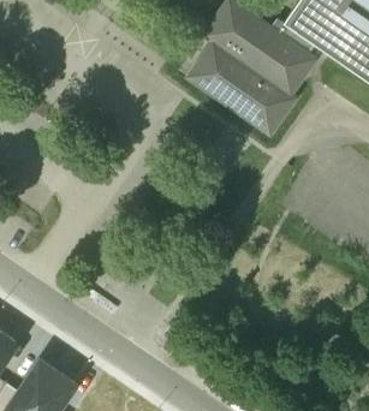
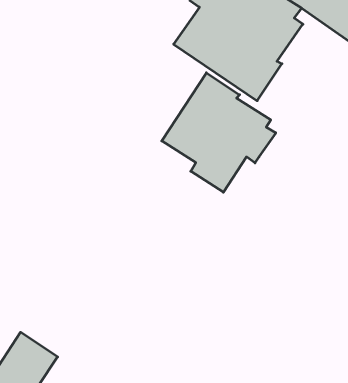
building: none -> [162,73,276,192]

